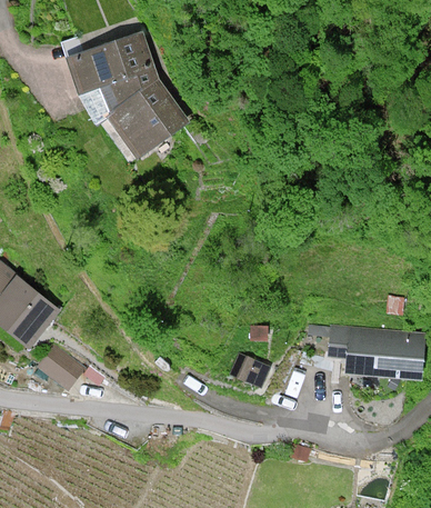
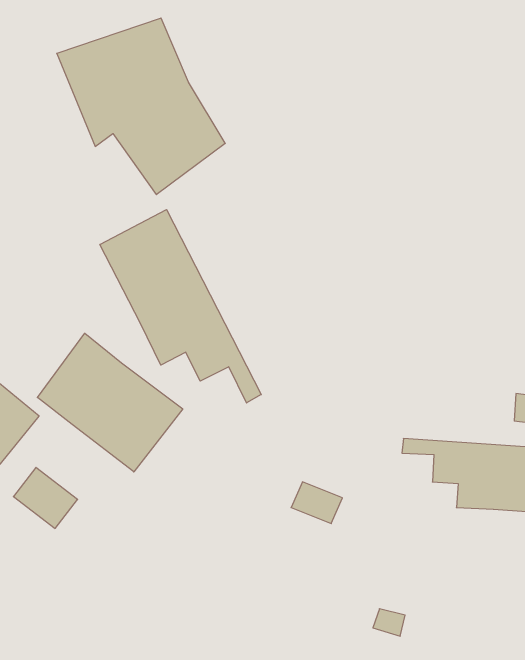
building: none -> [100,210,261,403]
building: none -> [37,333,183,472]

